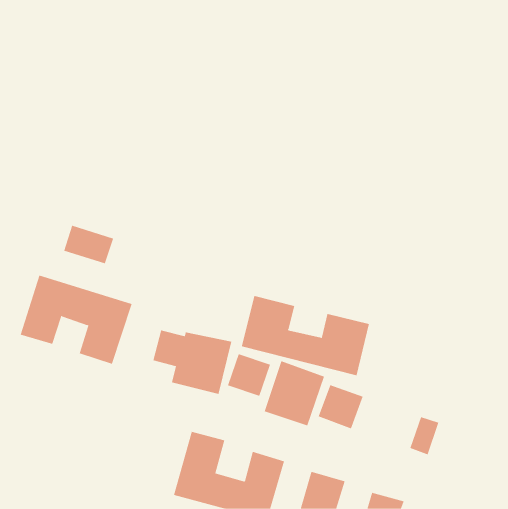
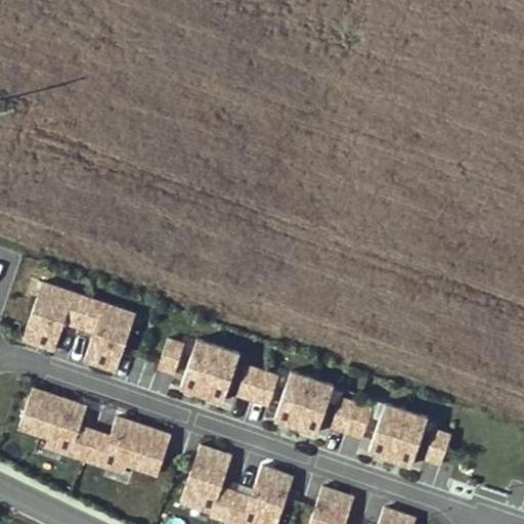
building: [64,225,114,264] -> none
building: [241,295,369,376] -> none
building: none -> [14,387,172,480]
building: none -> [368,403,429,470]

